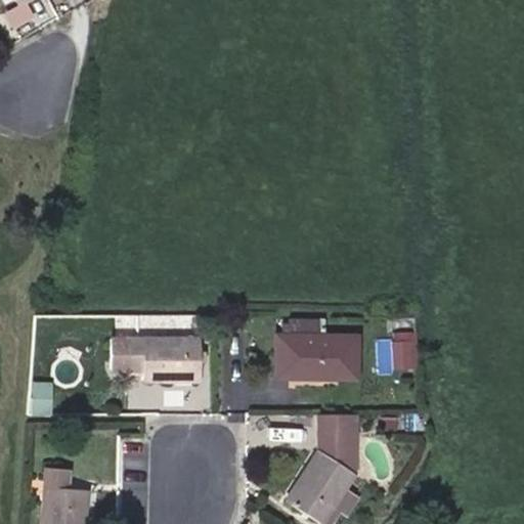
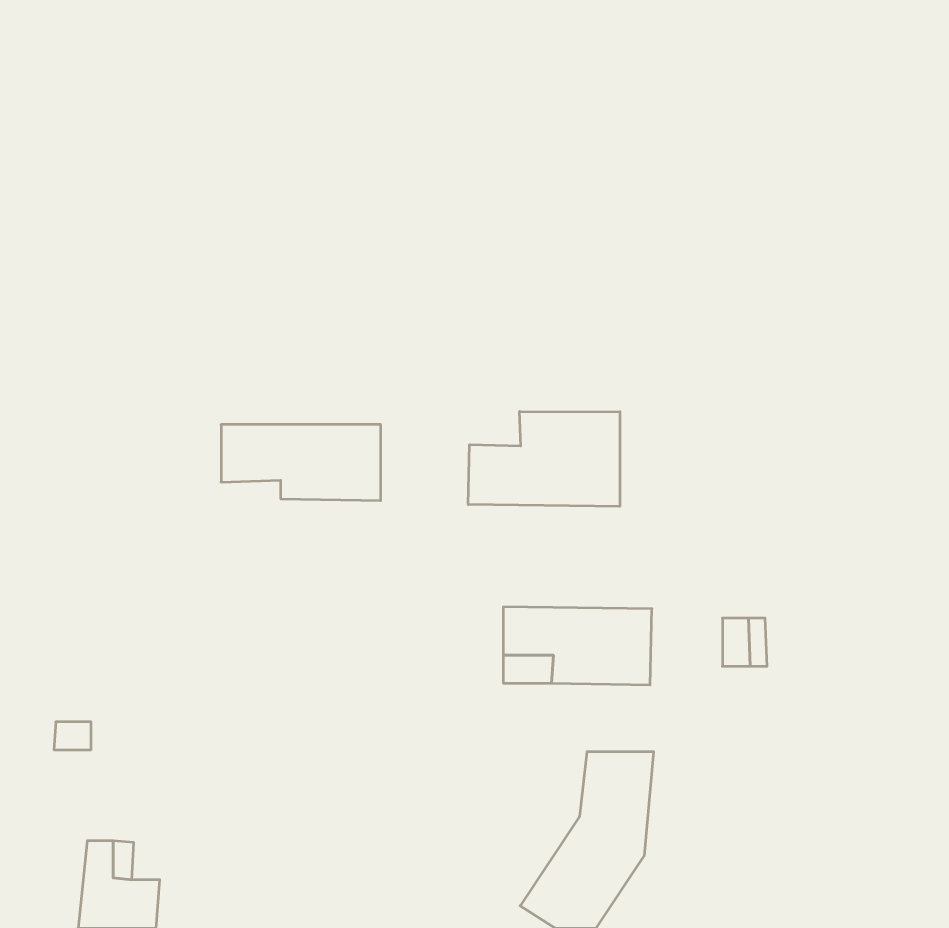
building: none -> [468,411,620,506]
building: [110,339,198,381] -> [221,425,381,501]

